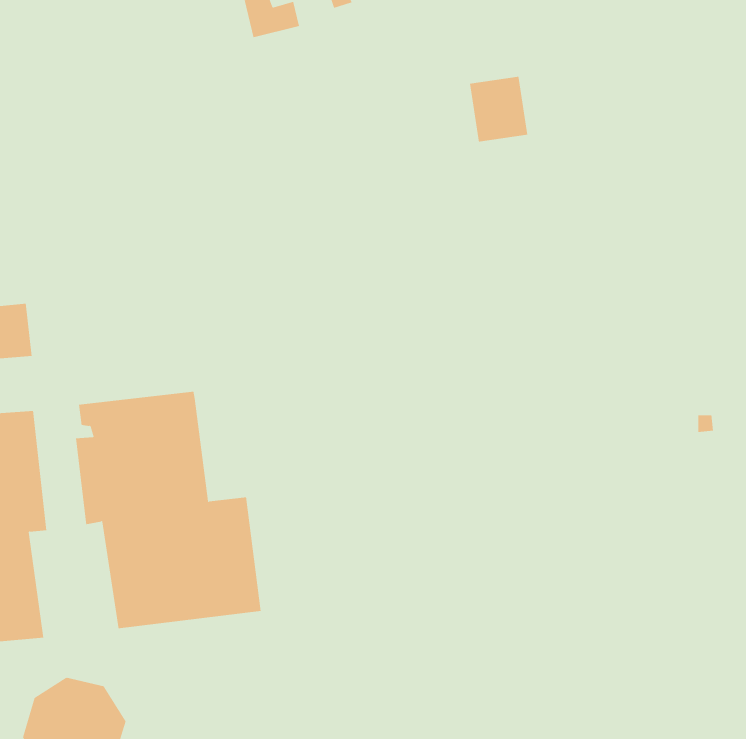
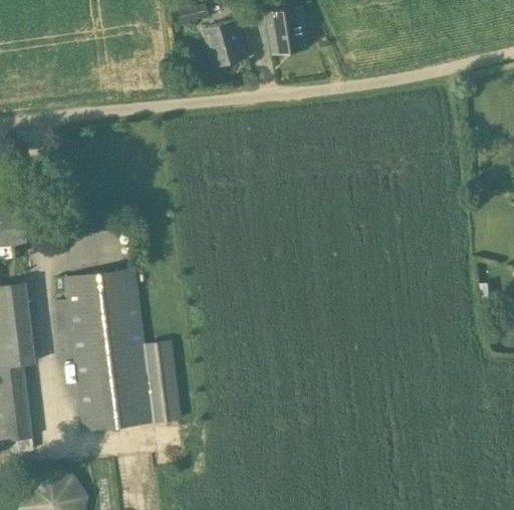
building: none -> [202,21,245,67]
building: [469,76,528,142] -> [266,8,306,53]

